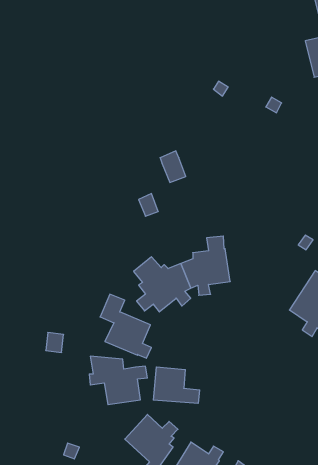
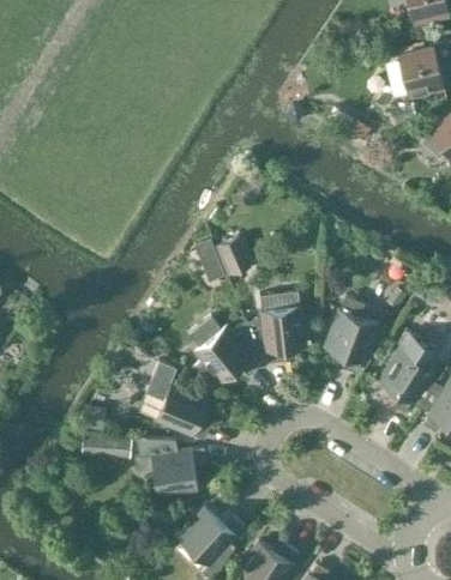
building: [160,151,186,182] -> [220,237,251,276]
building: none -> [324,297,377,374]
building: none -> [80,433,131,460]
building: [153,367,200,403] -> none

